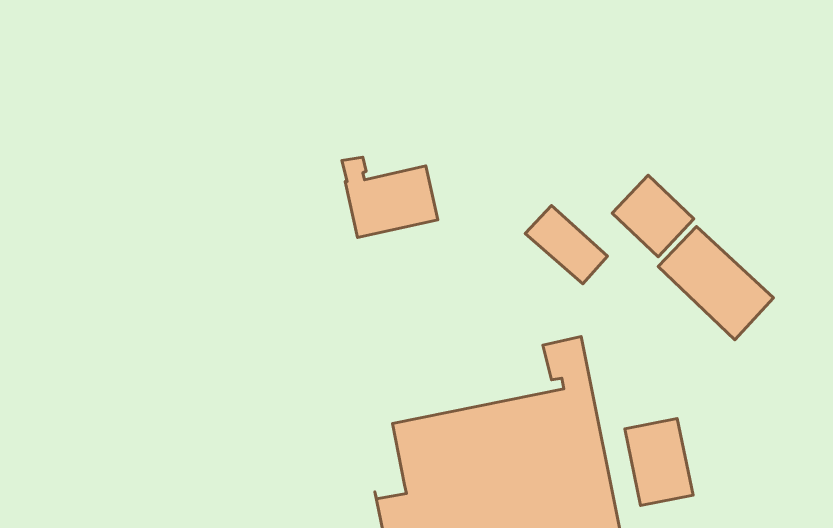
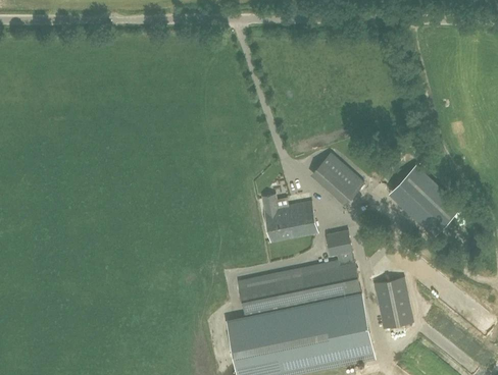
building: [342,157,438,237] -> [261,196,317,243]
building: [612,175,694,257] -> none

